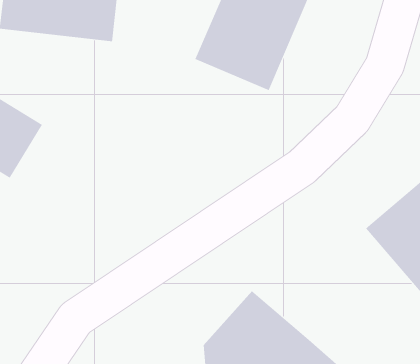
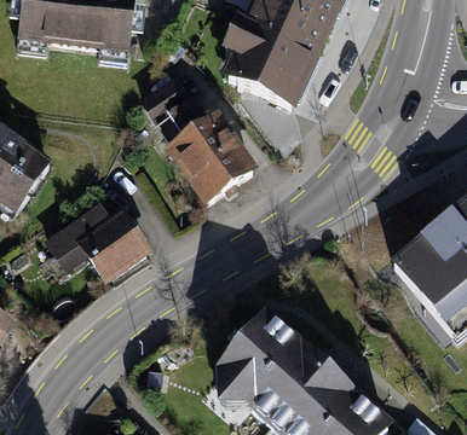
building: none -> [136,88,259,219]
building: none -> [46,196,157,277]

